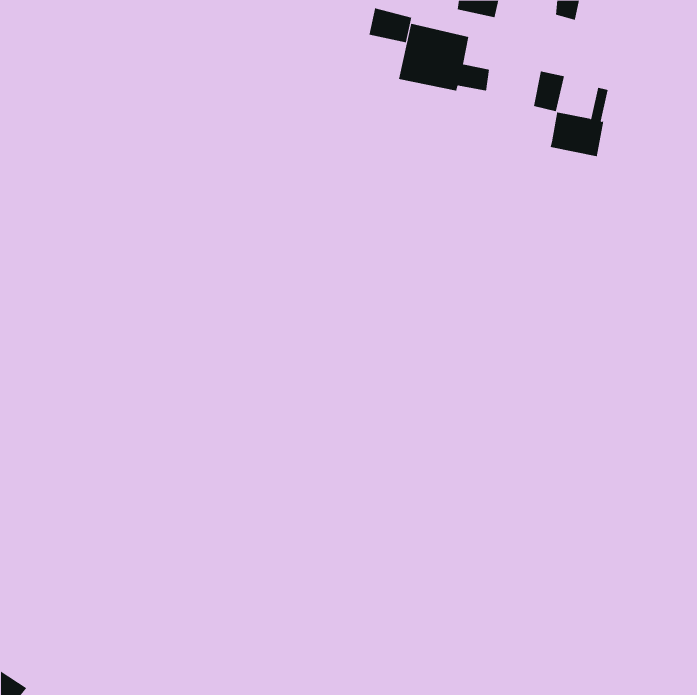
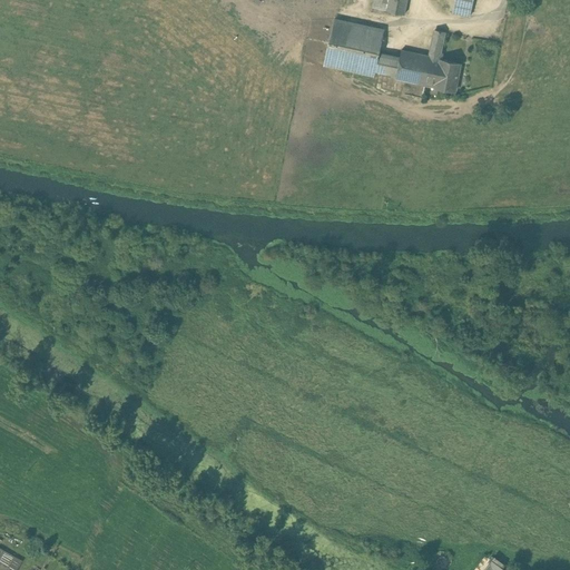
building: [369,8,412,43] -> none
building: [550,87,608,157] -> [396,31,444,88]

